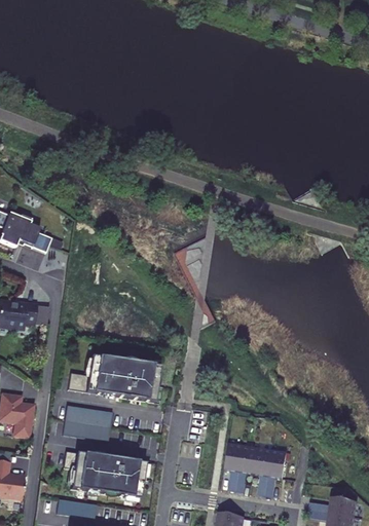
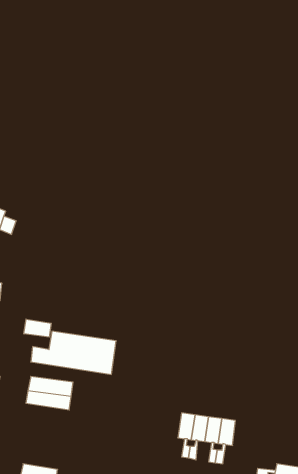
building: none -> [24,319,51,337]
building: [64,450,145,497] -> none

